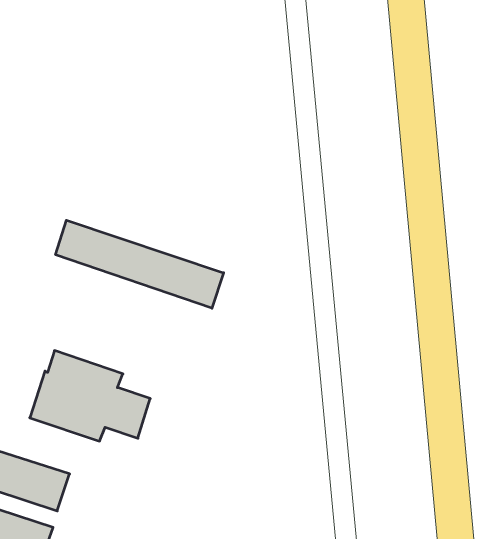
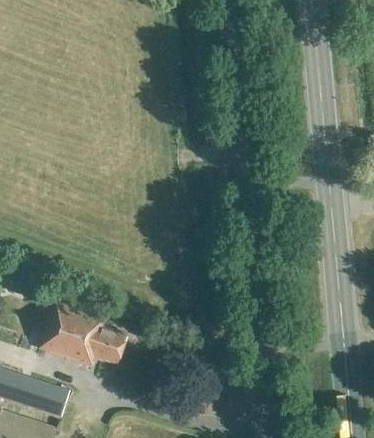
building: [56,220,224,308] -> none

